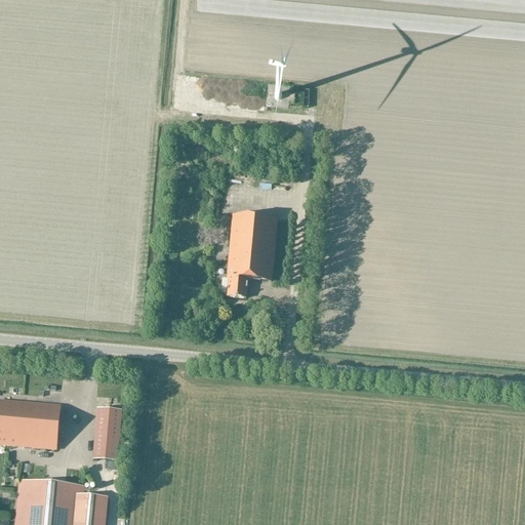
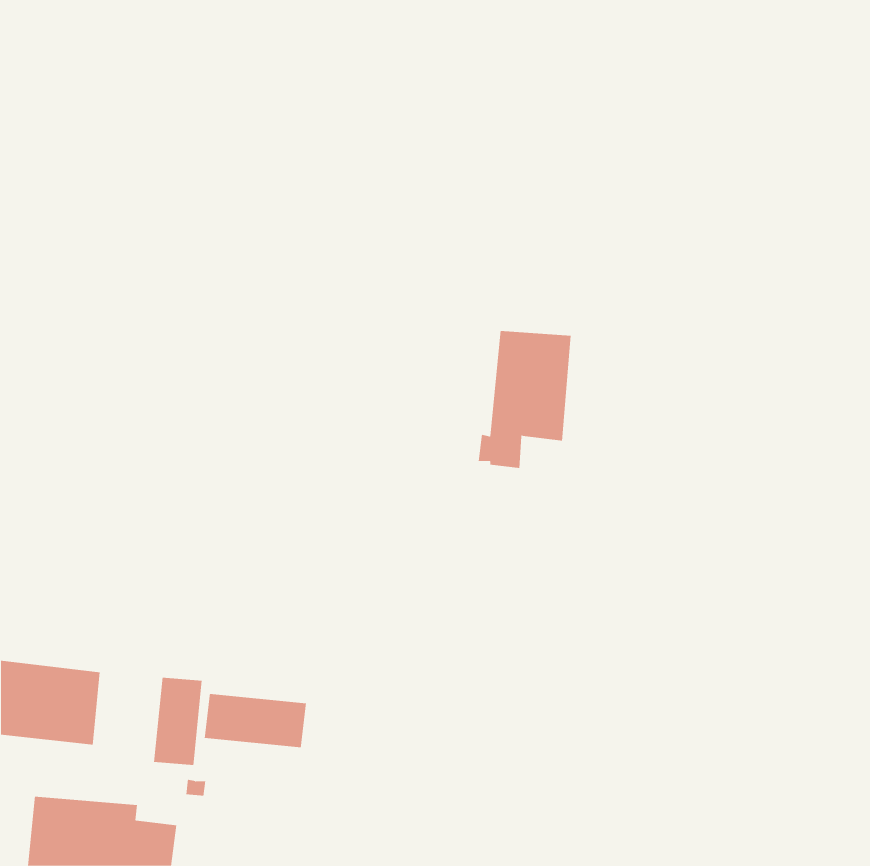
building: [220,214,277,297] -> [478,331,571,468]
building: none -> [204,693,307,748]

